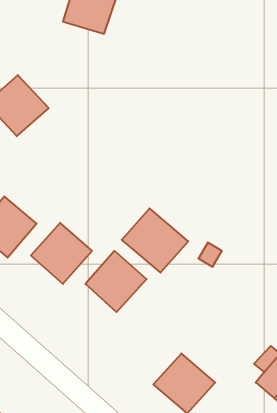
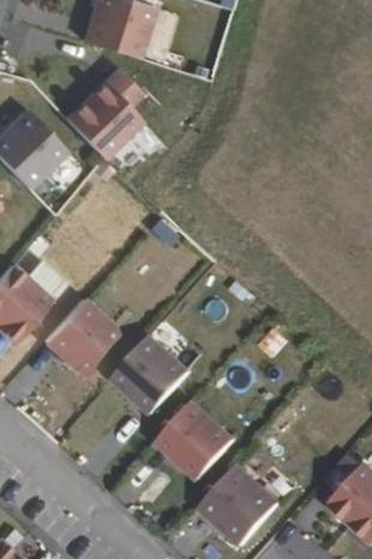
building: none -> [65,69,140,161]
building: [122,208,188,273] -> none
building: none -> [157,400,235,478]

